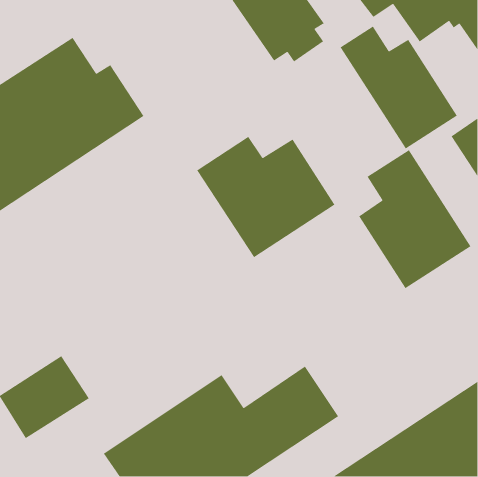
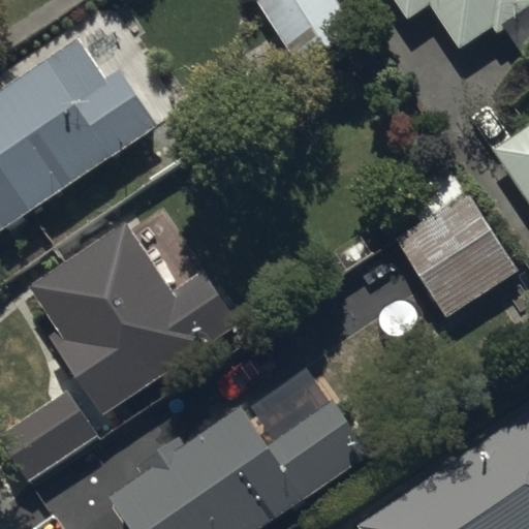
building: [339,26,458,149] -> none
building: [196,136,336,258] -> none
building: none -> [29,221,241,417]

